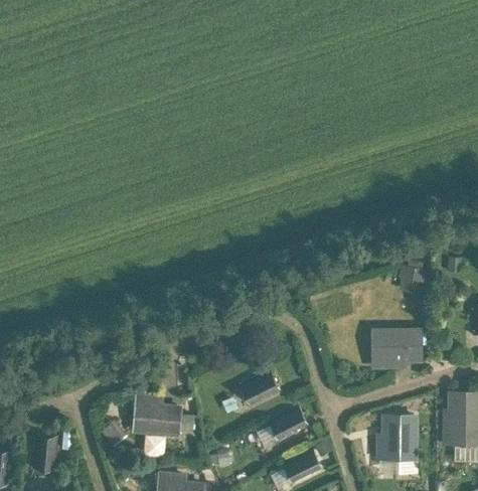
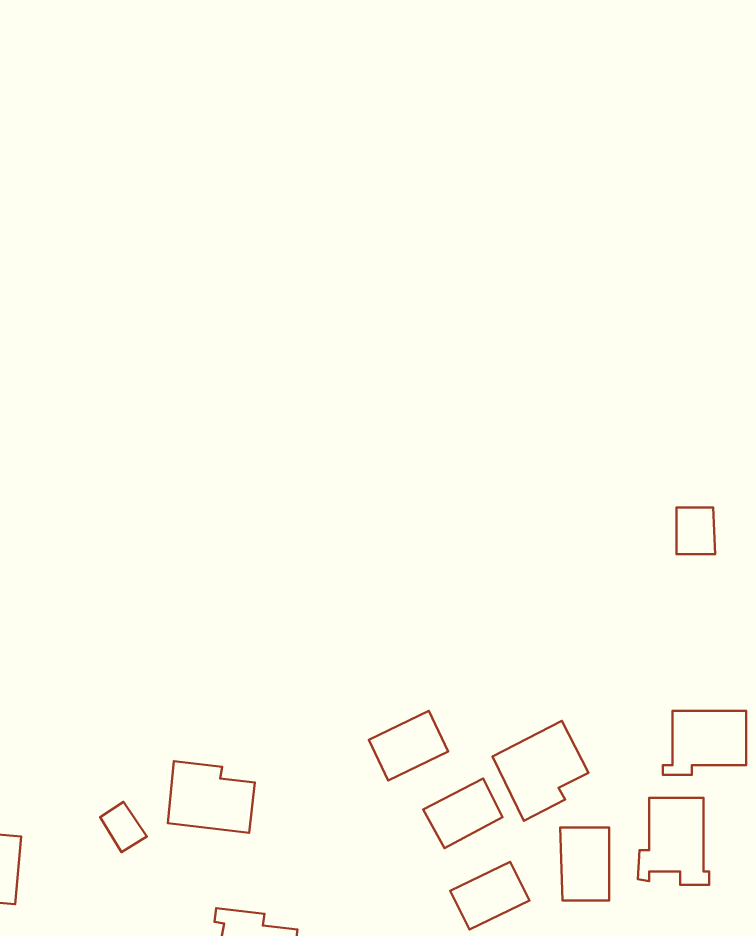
building: [375,331,419,364] -> [663,711,746,775]
building: none -> [492,721,588,821]
building: none -> [560,828,609,901]

